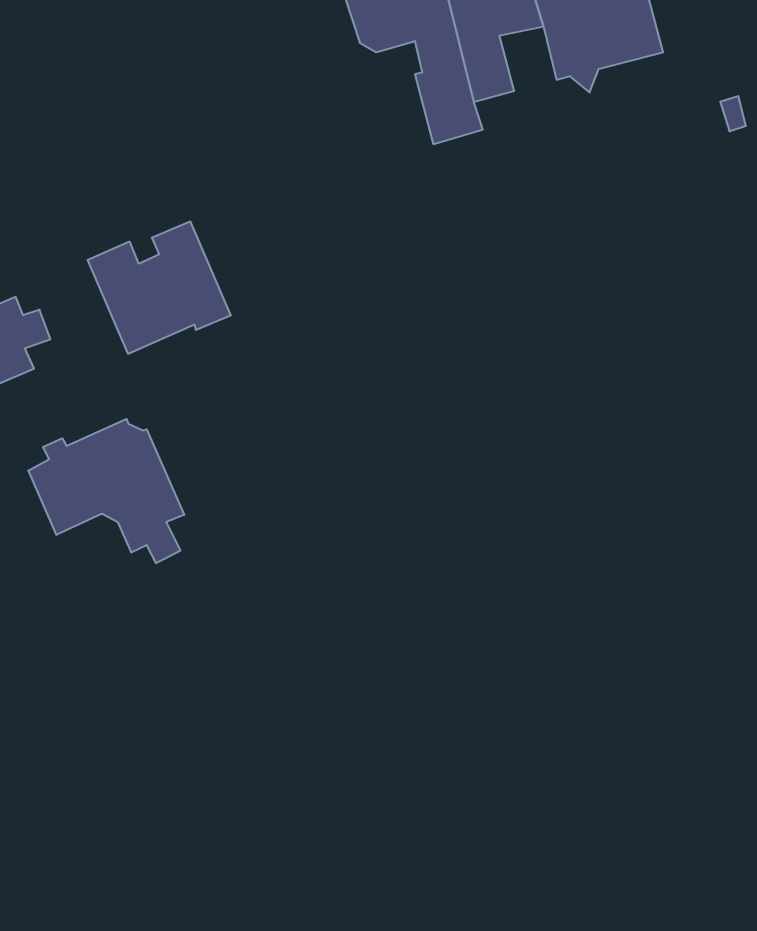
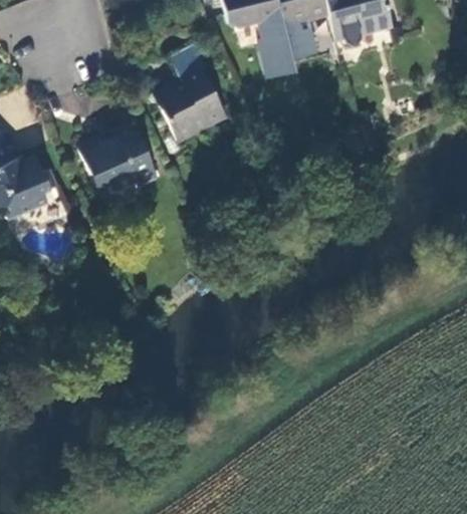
building: none -> [153,43,227,141]
building: [28,419,184,563] -> none

